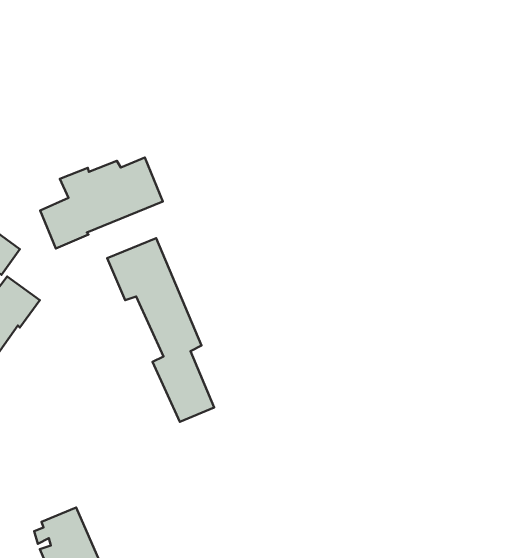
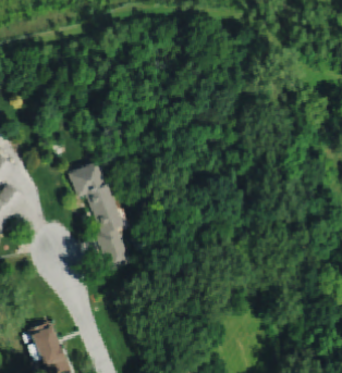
building: [40,157,163,248] -> none

